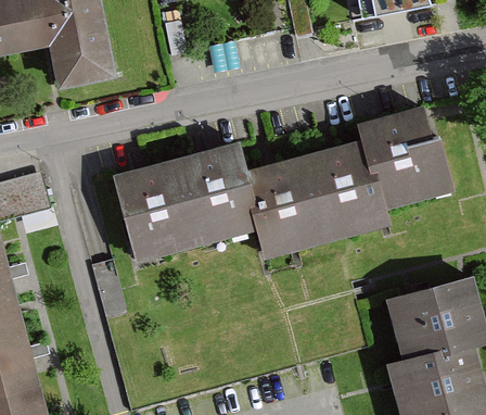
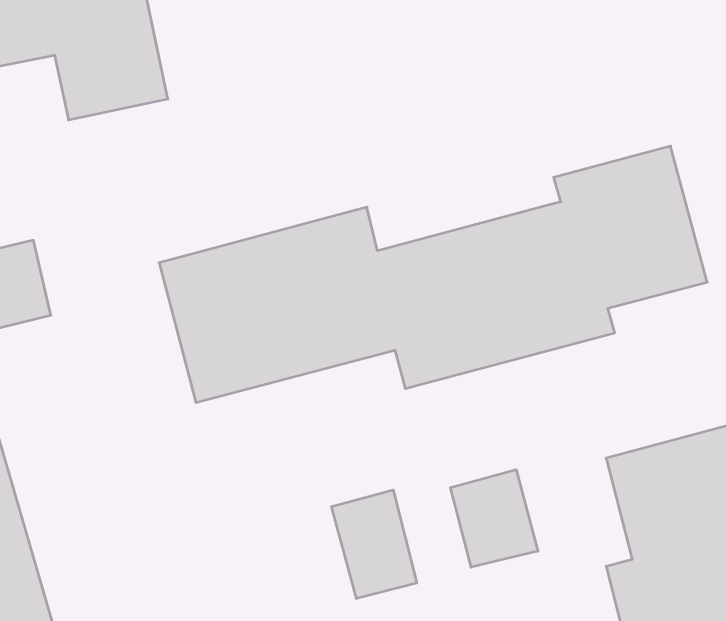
building: none -> [450,470,538,567]
building: none -> [332,490,417,599]

